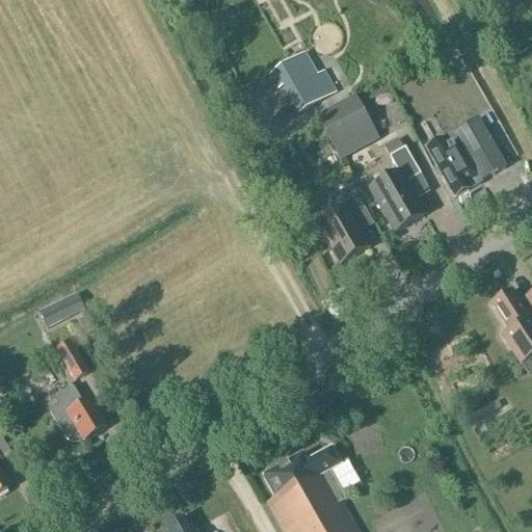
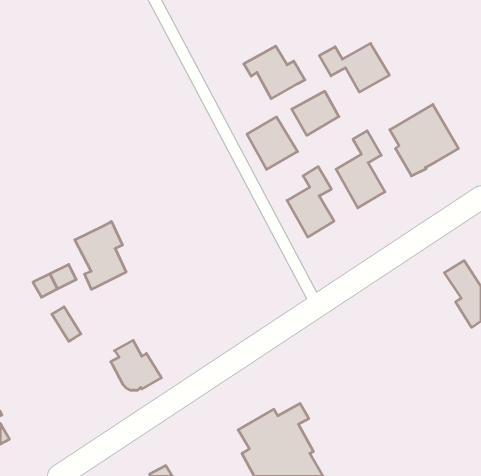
building: none -> [319,43,389,92]
building: none -> [247,117,298,169]
building: none -> [75,221,126,289]
building: [50,384,106,440] -> [111,340,161,390]

